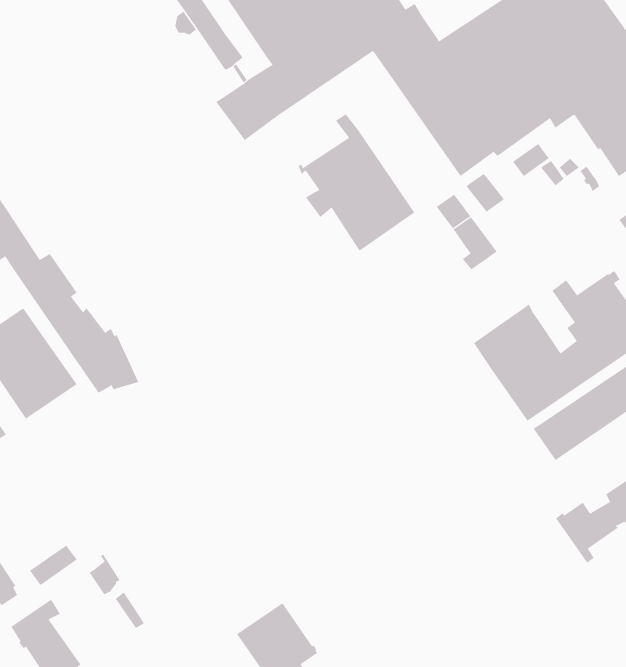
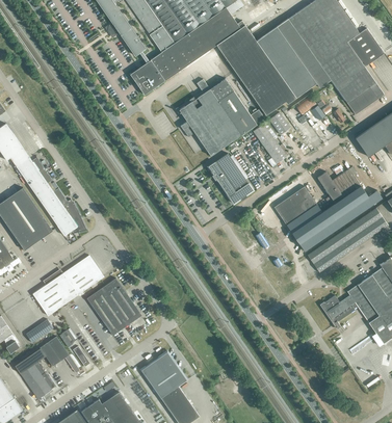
building: none -> [210,78,264,134]
building: none -> [208,153,253,203]
building: none -> [33,255,104,315]
building: none -> [87,277,141,335]
building: none -> [38,336,79,372]

